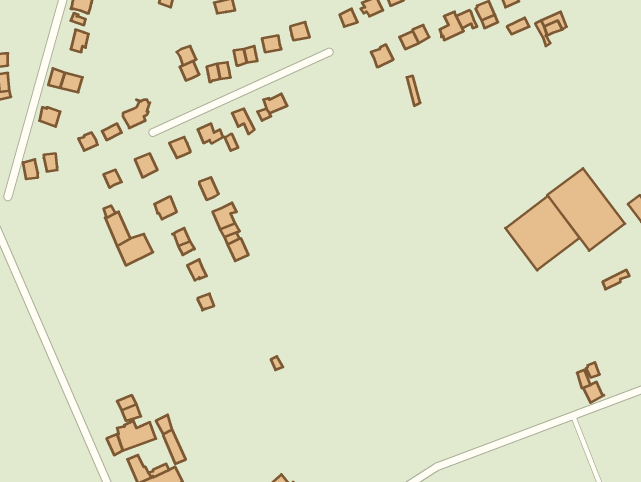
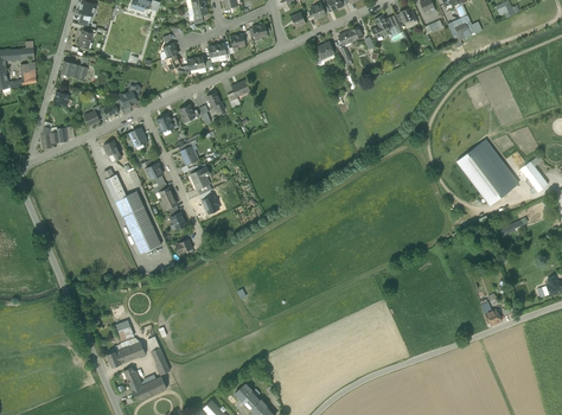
building: [505,196,580,270] -> none
building: none -> [122,206,161,255]

